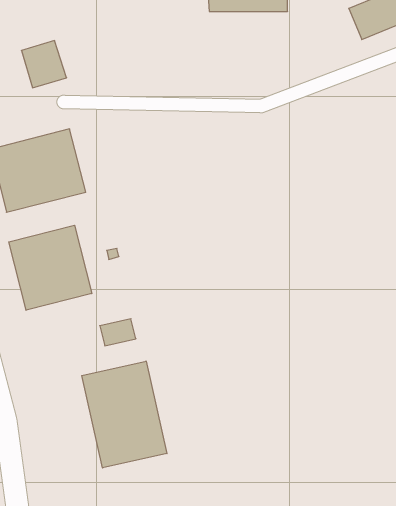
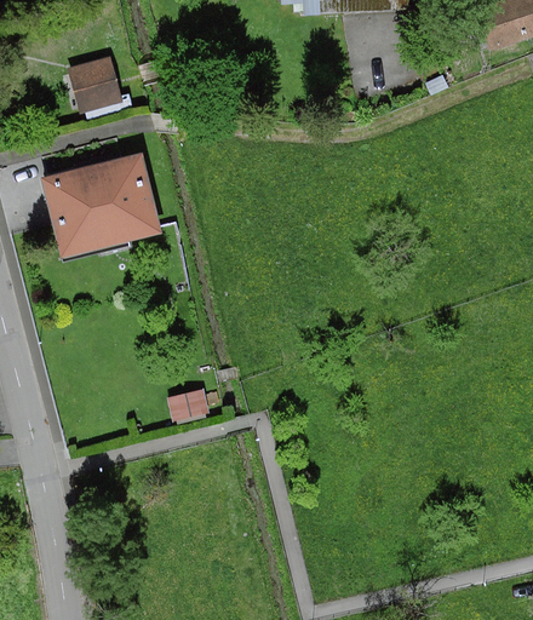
building: [9,225,92,310] -> none
building: [82,361,167,468] -> none

